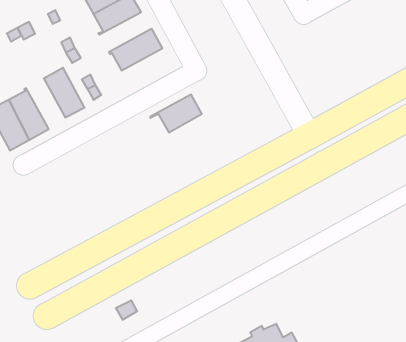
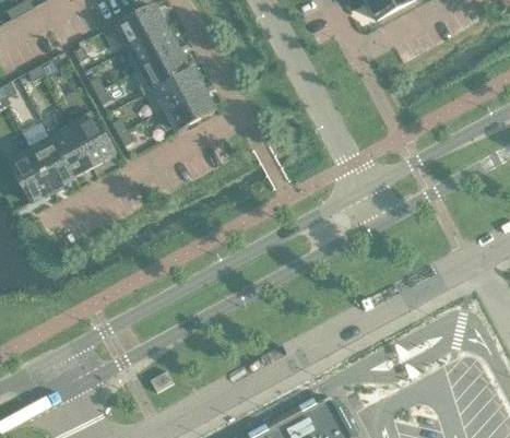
building: none -> [131,47,188,92]
building: none -> [49,121,93,176]
building: [150,94,202,132] -> [156,87,214,130]

